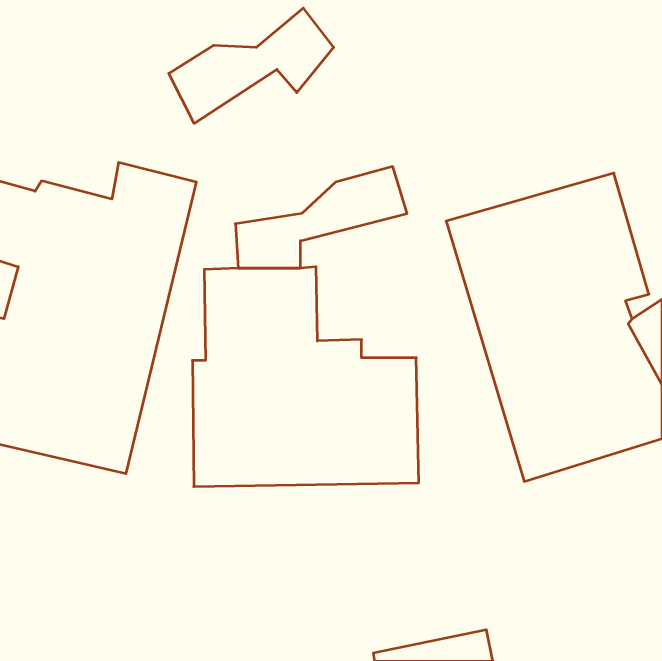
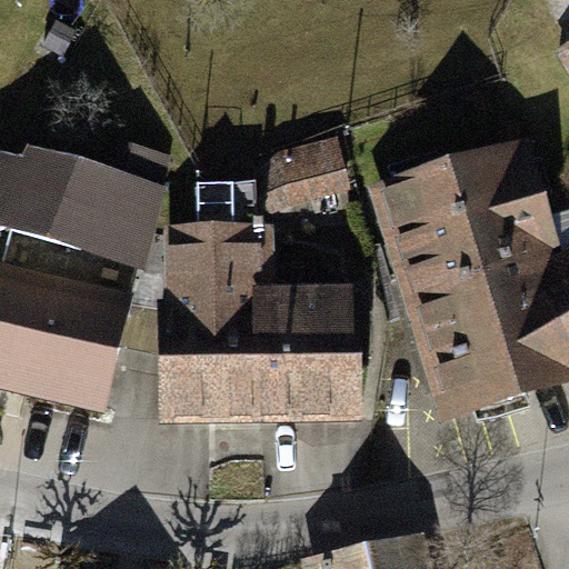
building: [169,8,334,123] -> none

